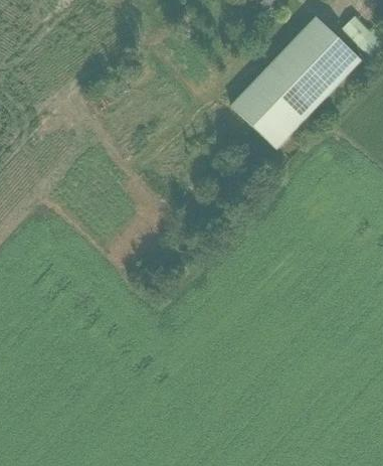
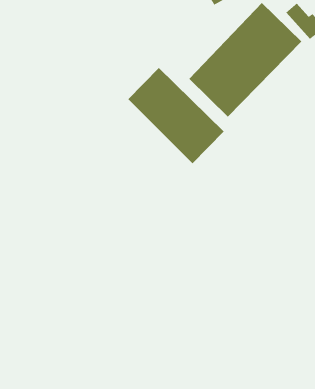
building: none -> [128,67,225,164]

